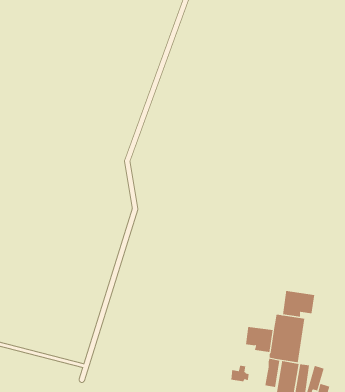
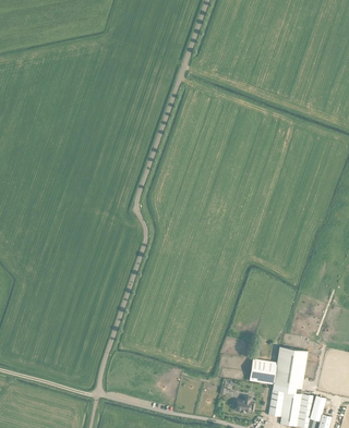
building: [283,290,315,317] -> none

